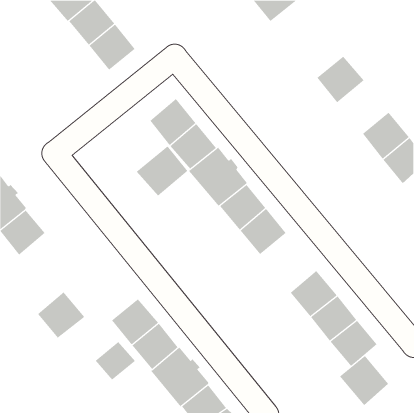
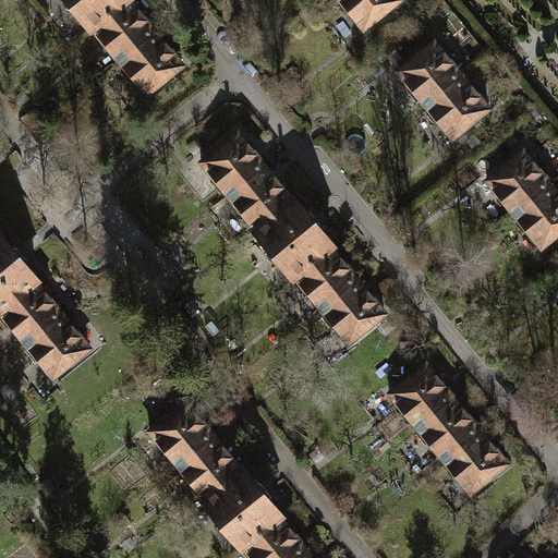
building: none -> [397,44,461,107]
building: [136,145,188,197] -> none
building: [37,292,85,339] -> [25,315,89,378]
building: [95,341,136,380] -> none
building: [339,355,389,406] -> none

